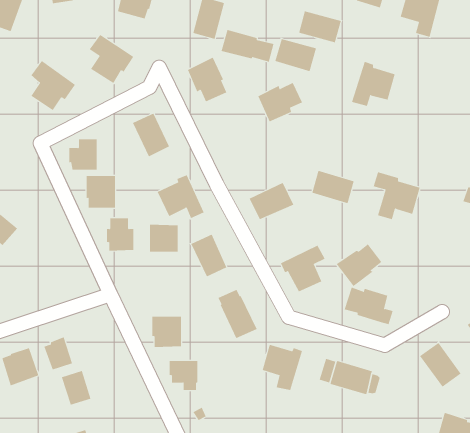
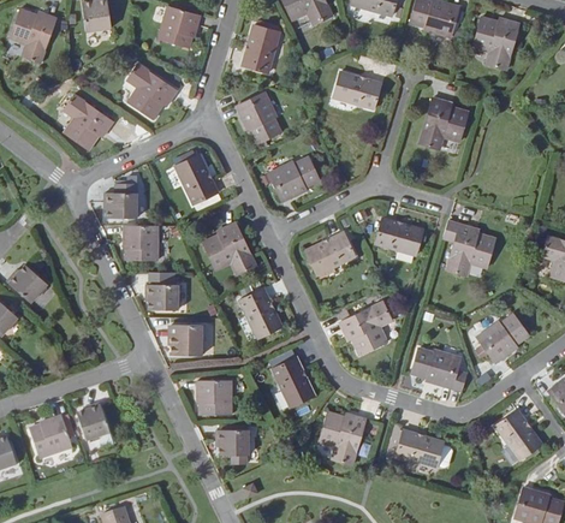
building: [298,10,341,43] -> none
building: [221,29,274,62] -> none
building: [257,82,303,122] -> [269,156,320,201]
building: [149,224,178,252] -> [170,323,202,355]
building: [336,244,382,287] -> [477,314,529,362]
building: [61,370,91,406] -> none

